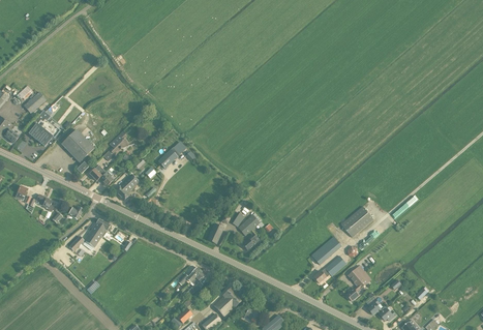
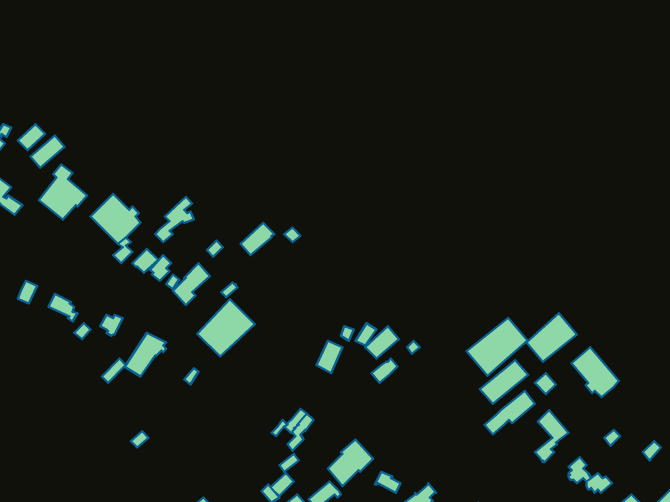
building: none -> [197,299,255,357]
building: none -> [467,318,528,376]
building: none -> [572,347,619,397]

